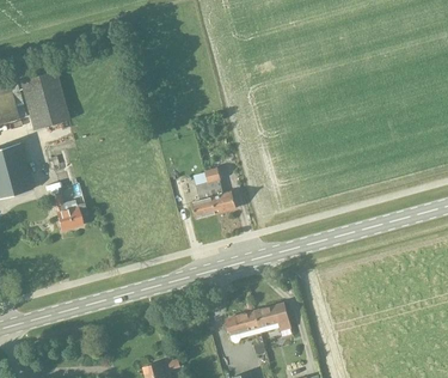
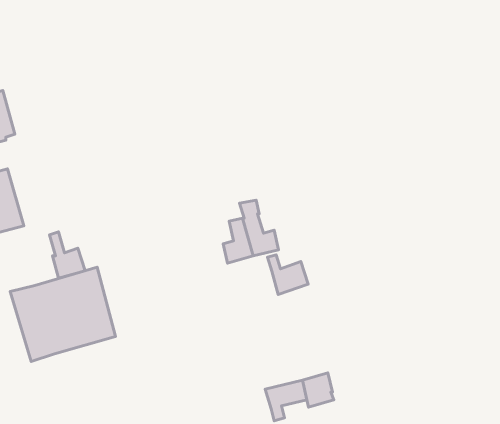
building: [22,72,70,132] -> none
building: none -> [268,255,308,295]
building: none -> [10,267,116,361]

